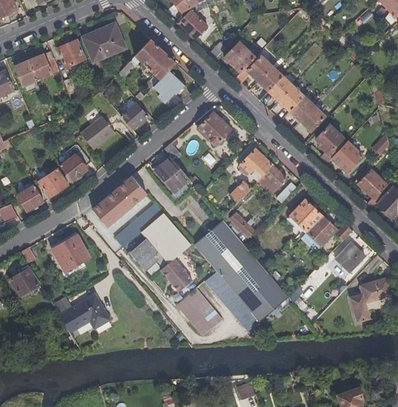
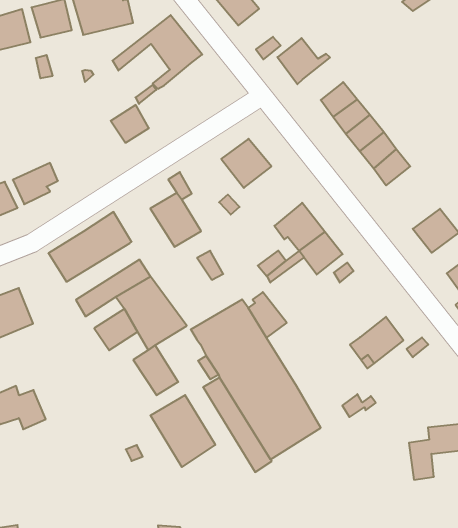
building: [235,56,270,83] -> none
building: [152,69,183,102] -> none
building: [79,113,114,148] -> none
building: [315,125,342,162] -> none
building: [291,202,322,233] -> none
building: [337,243,367,273] -> none

